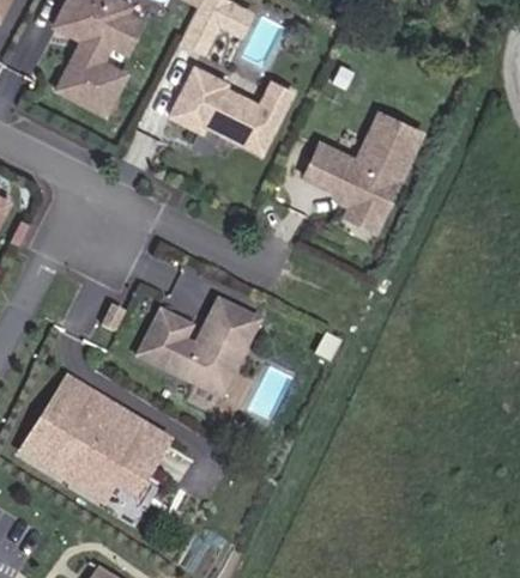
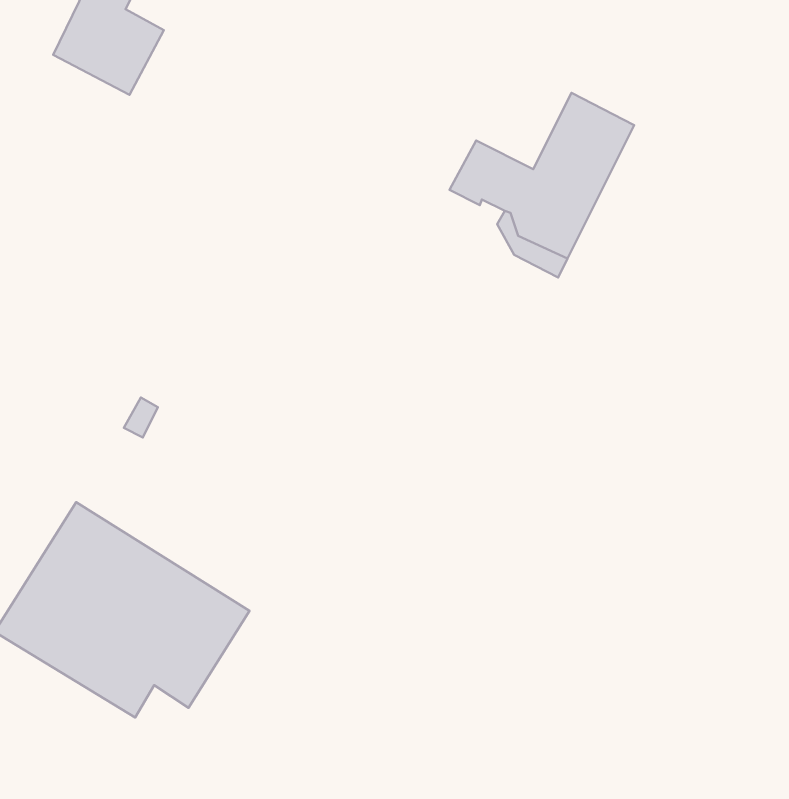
building: [168,66,290,152] -> none
building: [137,300,256,396] -> none

